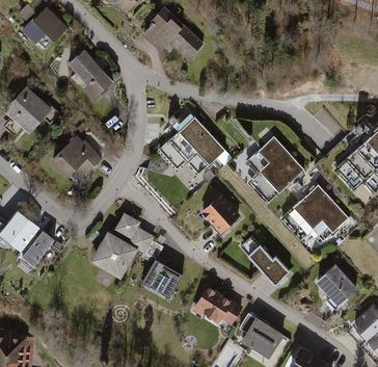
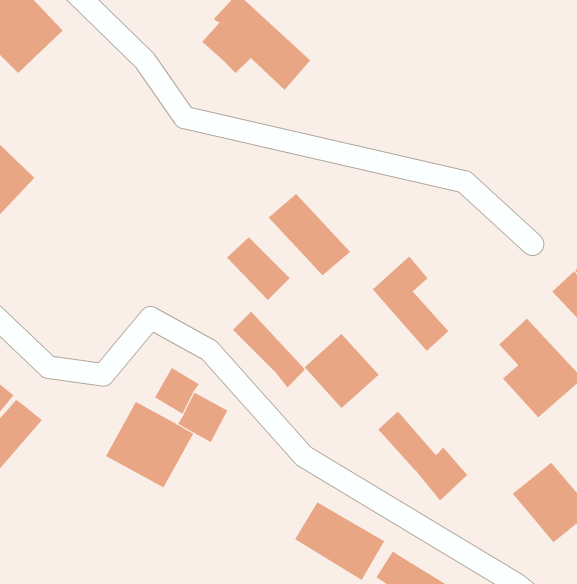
building: [68,48,113,100] -> none
building: [169,130,210,173] -> [232,311,306,388]
building: [51,132,104,176] -> none
building: [258,136,304,192] -> none
building: [286,200,328,252] -> none
building: [140,258,184,299] -> none

